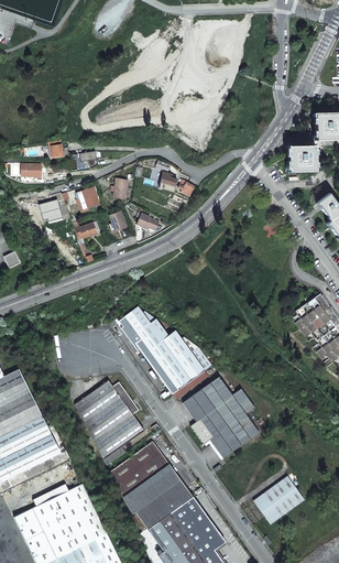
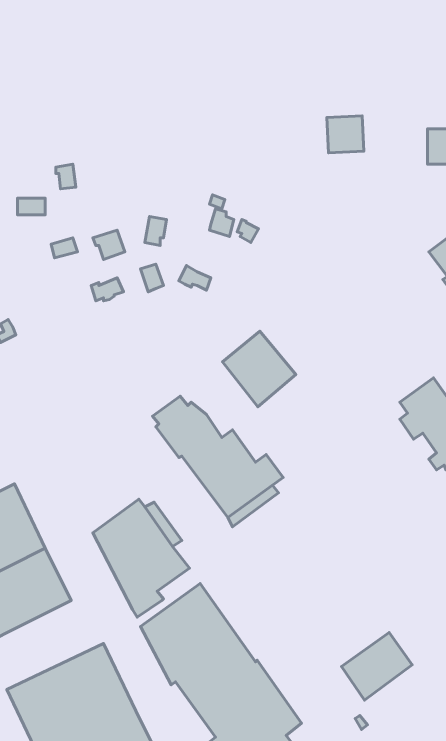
building: [288,145,315,172] -> [327,116,364,153]
building: none -> [223,331,296,407]
building: [183,377,259,458] -> none

